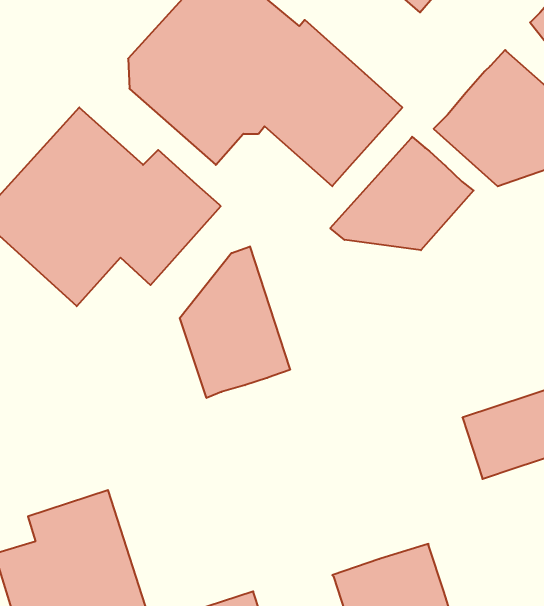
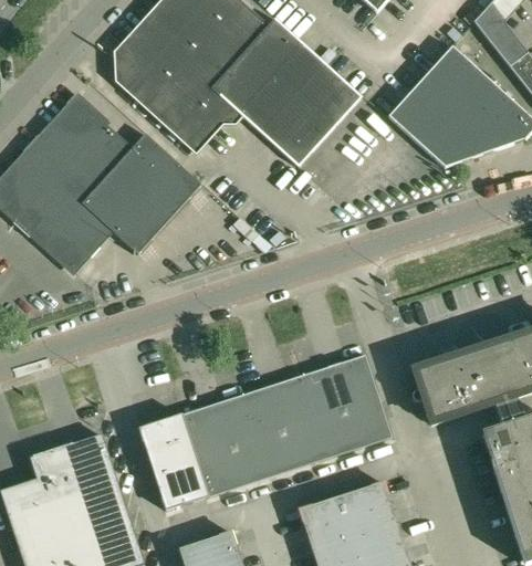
building: [330,137,474,250] -> none
building: [180,246,290,398] -> none
building: none -> [138,355,390,511]

